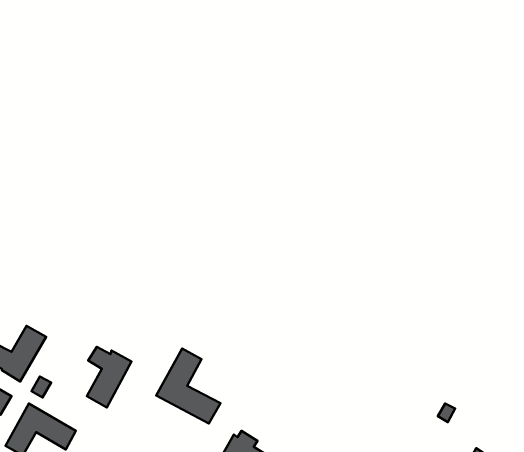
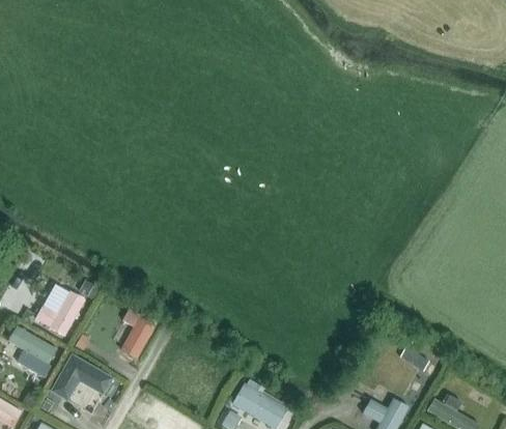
building: [156,349,221,424] -> none

